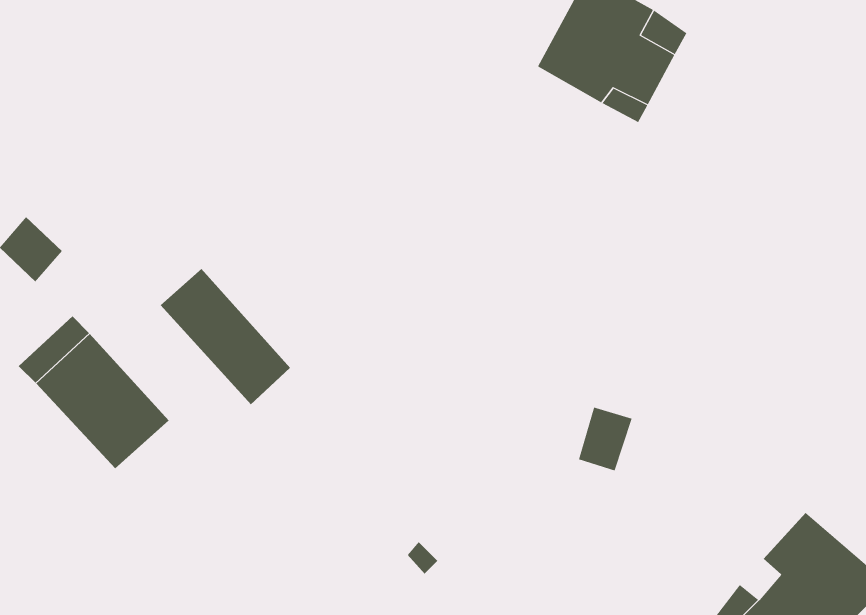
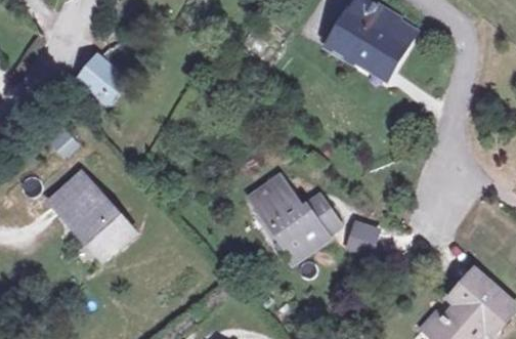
building: none -> [79,61,119,103]
building: [160,268,291,405] -> none
building: none -> [254,178,338,263]

